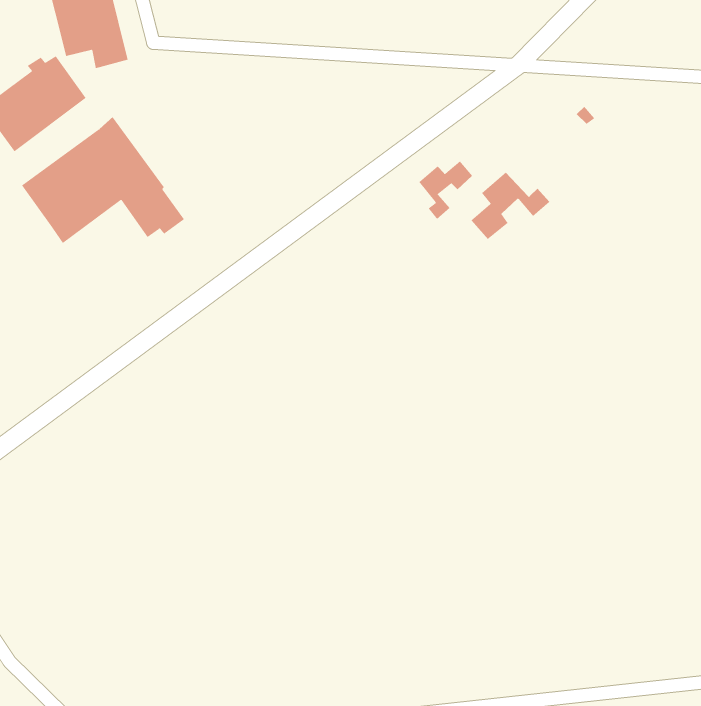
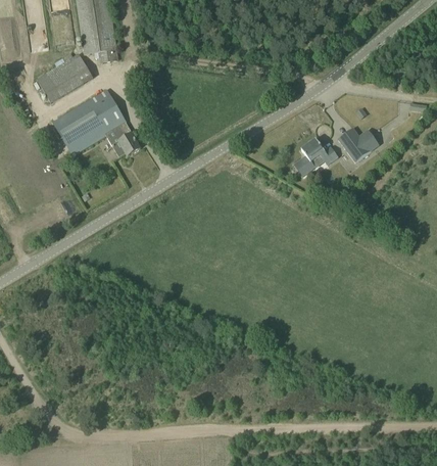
building: none -> [338,128,379,161]
building: [419,160,473,220] -> none

